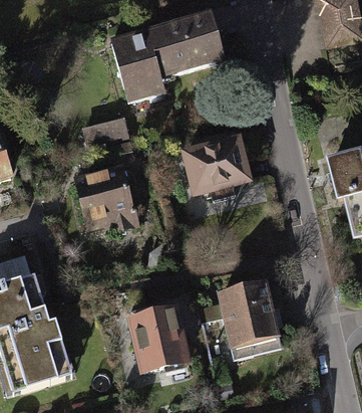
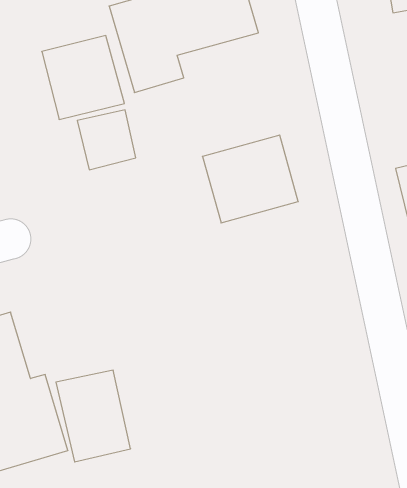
building: [73,166,135,229] -> [42,36,124,119]
building: [218,280,280,349] -> none
building: [128,304,185,374] -> [56,370,131,462]

